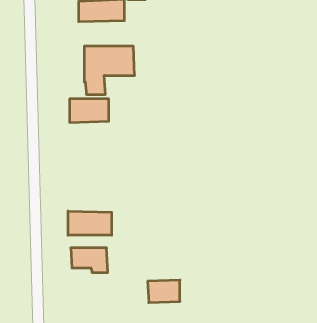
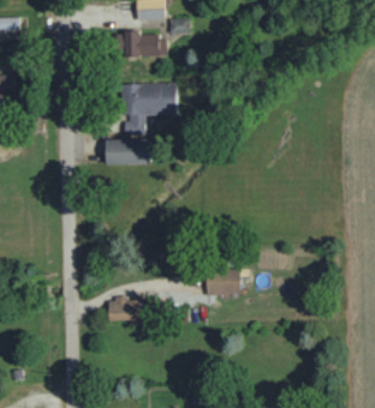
building: [68,211,112,235] -> none
building: [148,280,180,303] -> [206,270,240,294]

